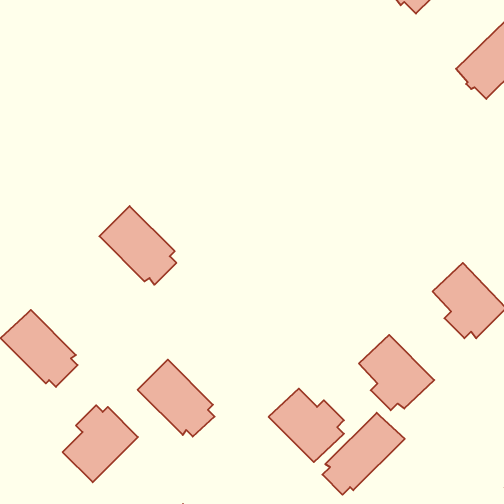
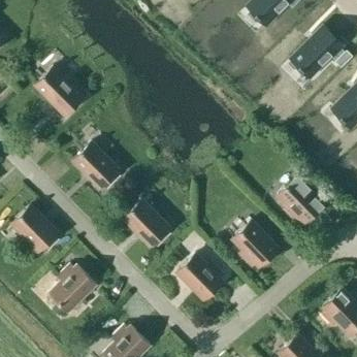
building: none -> [35,66,84,116]
building: [138,360,215,437] -> [123,199,170,247]
building: [322,413,405,495] -> none

